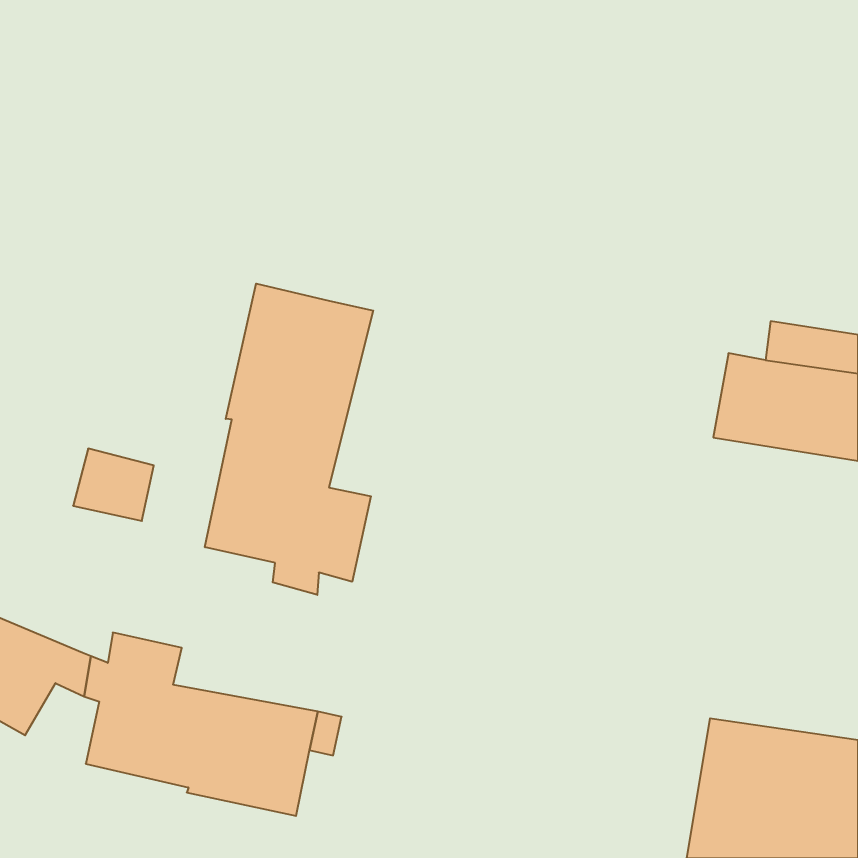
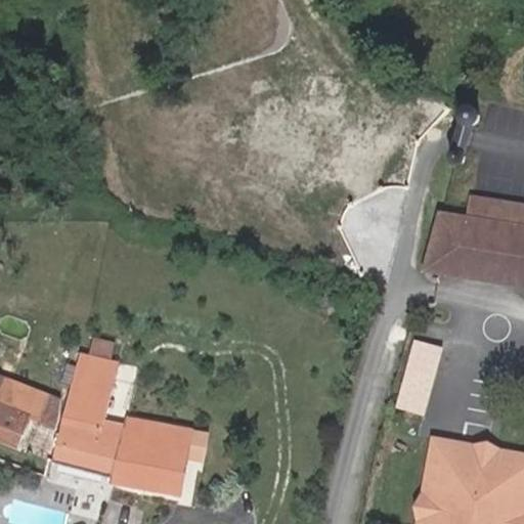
building: [205,284,373,595] -> none
building: [73,449,154,521] -> [69,350,118,394]
building: none -> [402,360,438,410]

